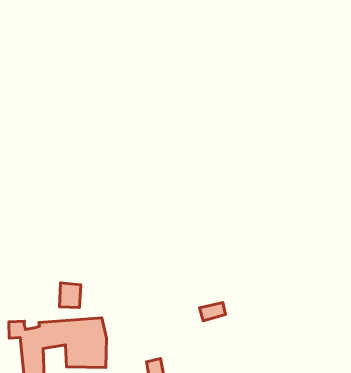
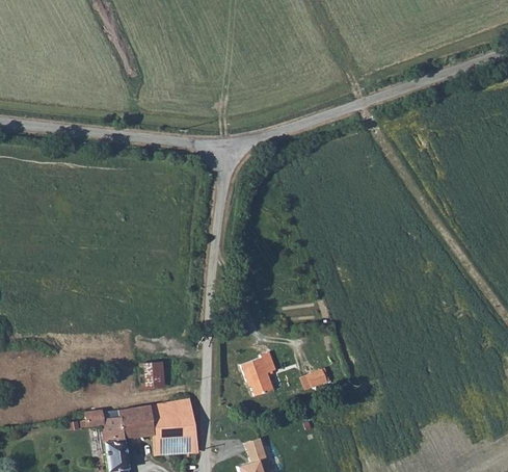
building: none -> [243,350,276,395]

